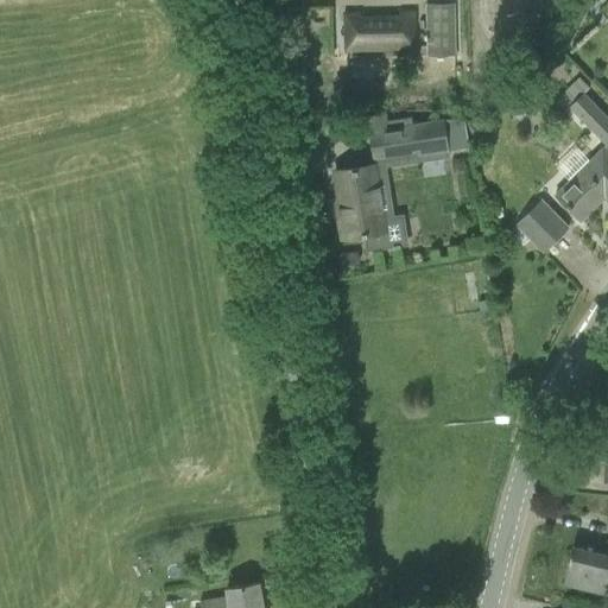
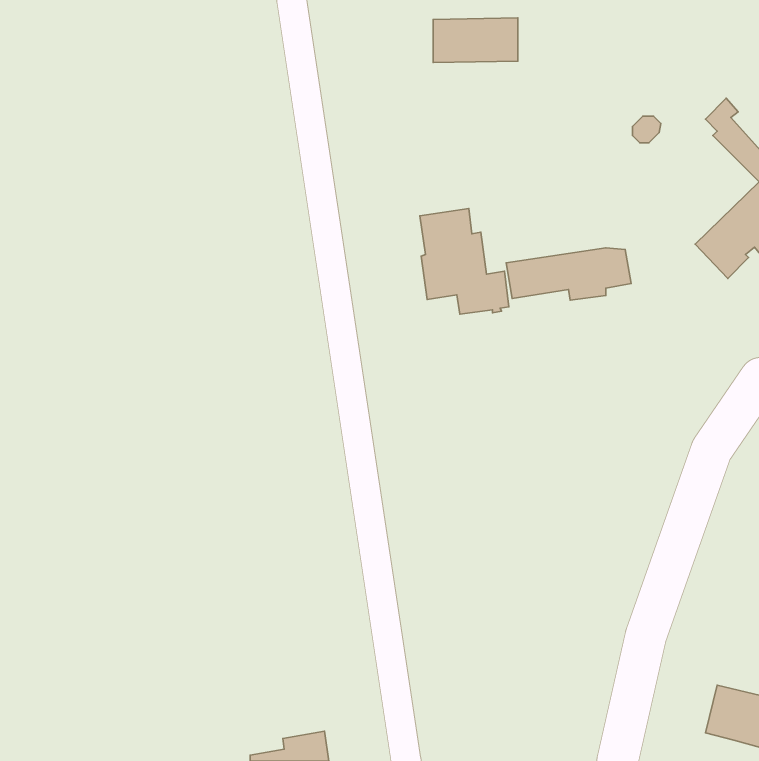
building: [426,5,456,56] -> none
building: [369,120,469,162] -> [506,248,631,300]
building: [517,201,569,252] -> none

